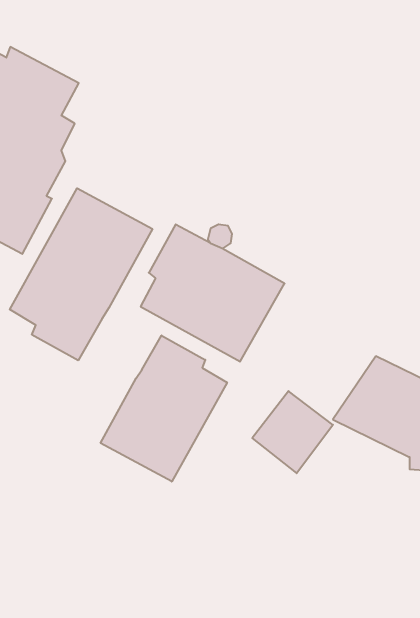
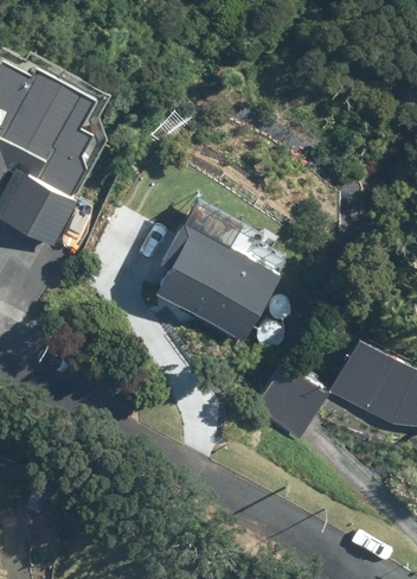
building: [10,188,152,360] -> none
building: [101,335,227,482] -> none

